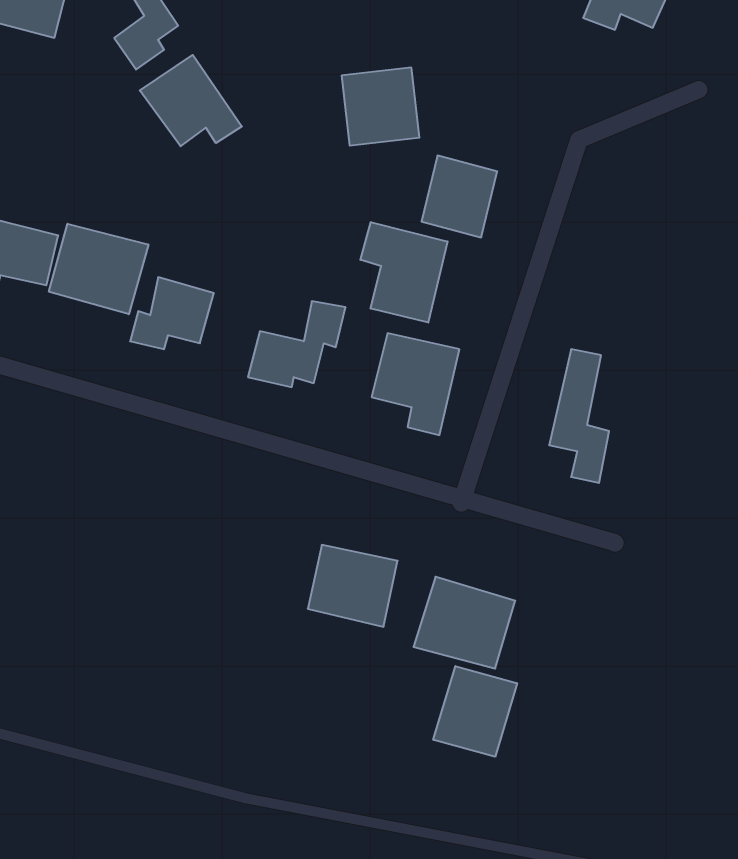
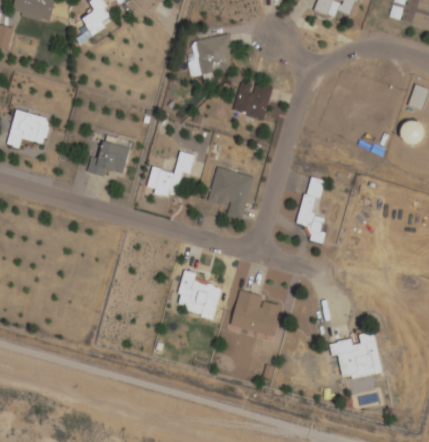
building: [140,55,242,146] -> none
building: [360,222,448,323] -> none
building: [49,224,148,314] -> none
building: none -> [334,331,382,379]
building: [433,666,517,757] -> none

